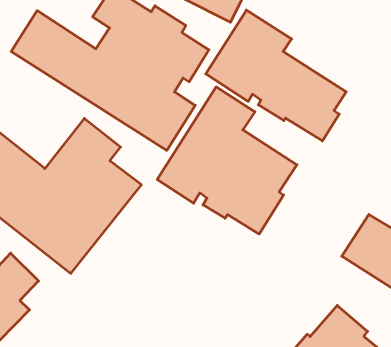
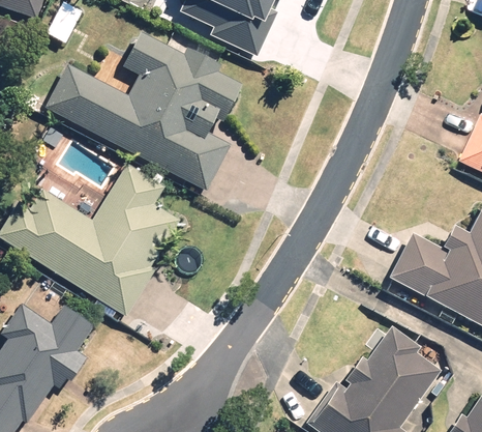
building: [206,10,346,141] -> none
building: [157,87,297,234] -> none

